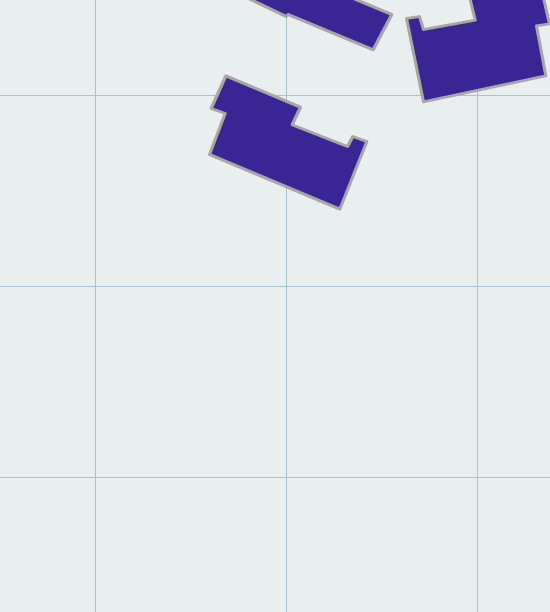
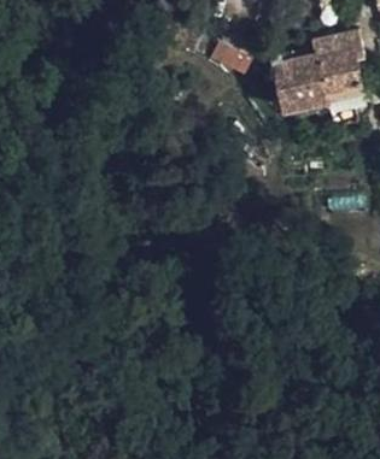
building: [210,76,367,209] -> none

